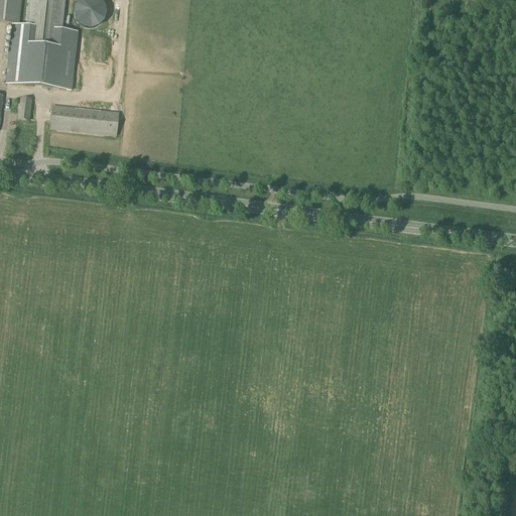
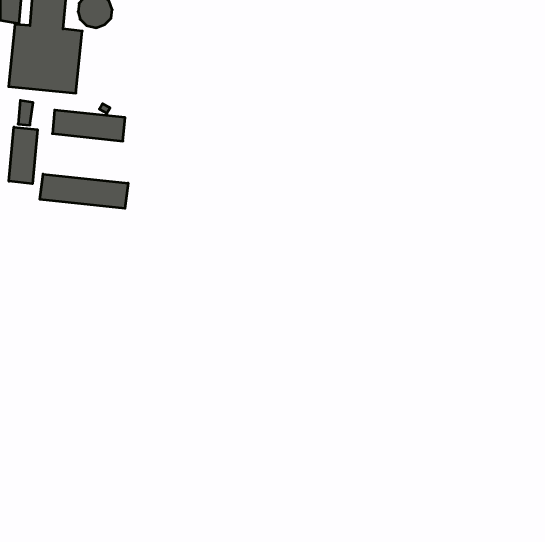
building: none -> [9,127,37,184]
building: none -> [40,174,128,208]

